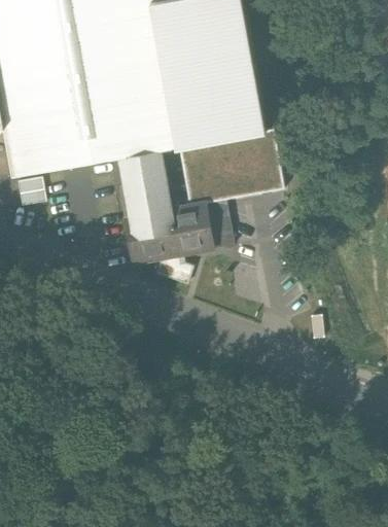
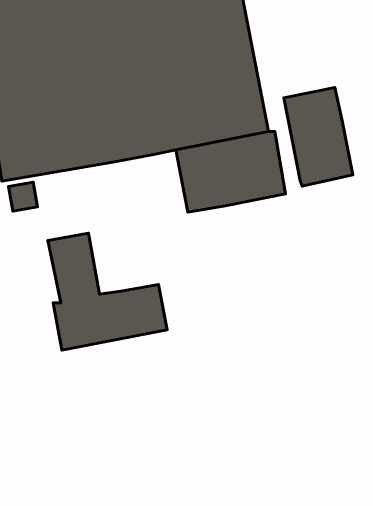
building: none -> [284,87,353,186]
building: [125,149,239,261] -> [48,233,167,350]

